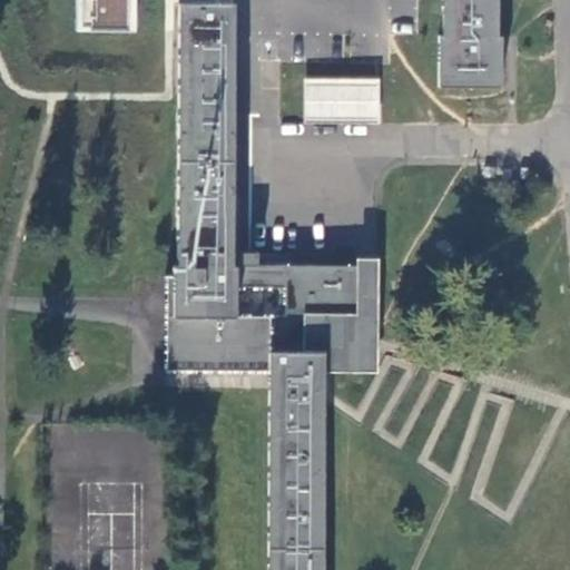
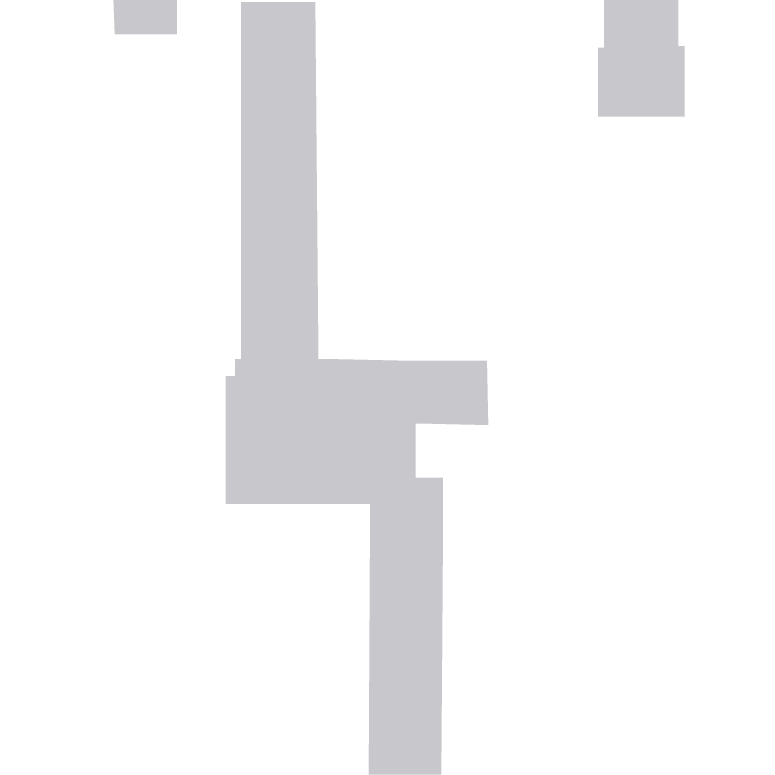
building: [306,76,382,121] -> none
building: [306,255,381,370] -> none

